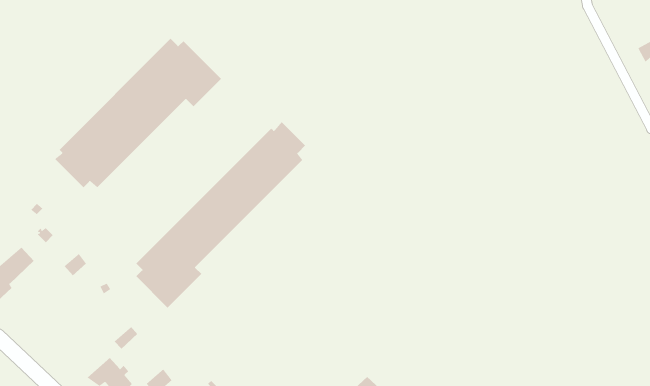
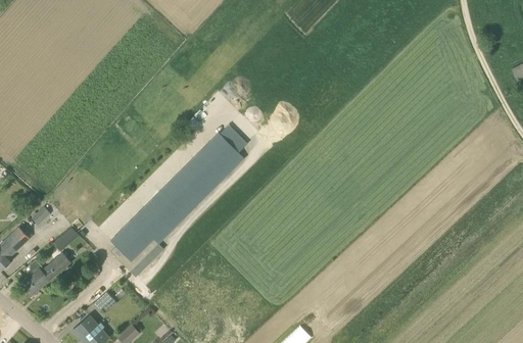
building: [54,38,222,188] -> none
building: none -> [20,253,70,296]

